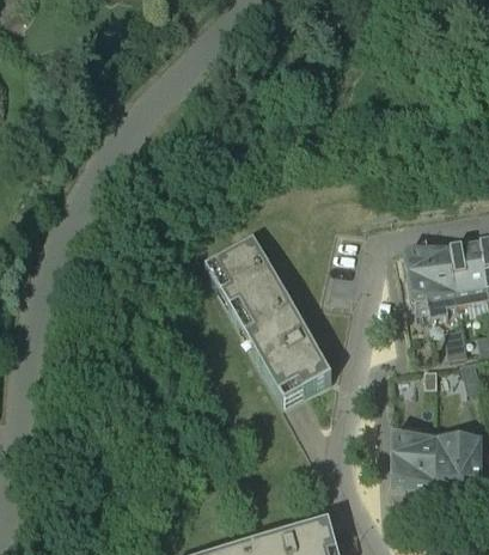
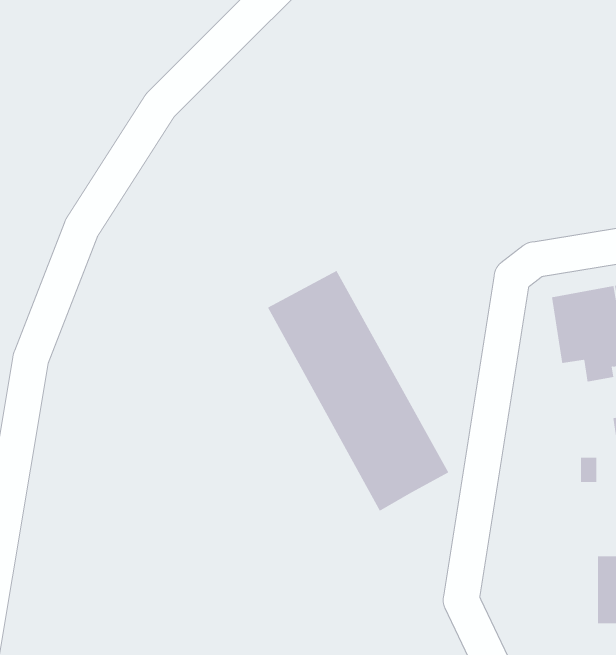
building: [391,434,436,482] -> none

